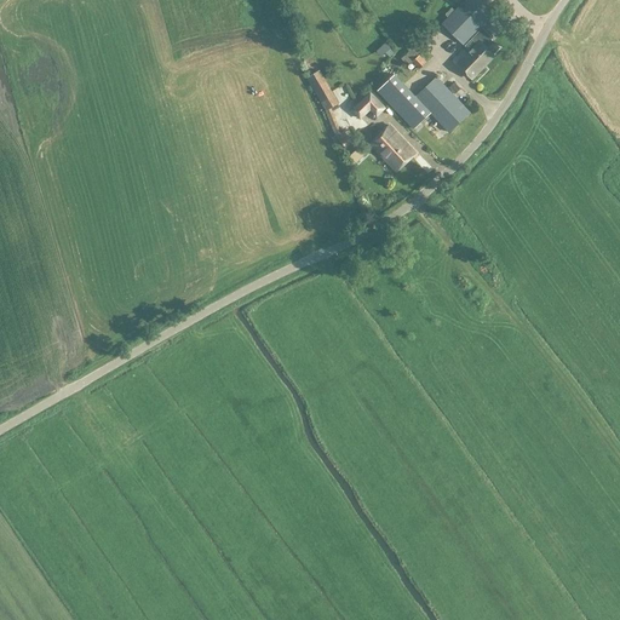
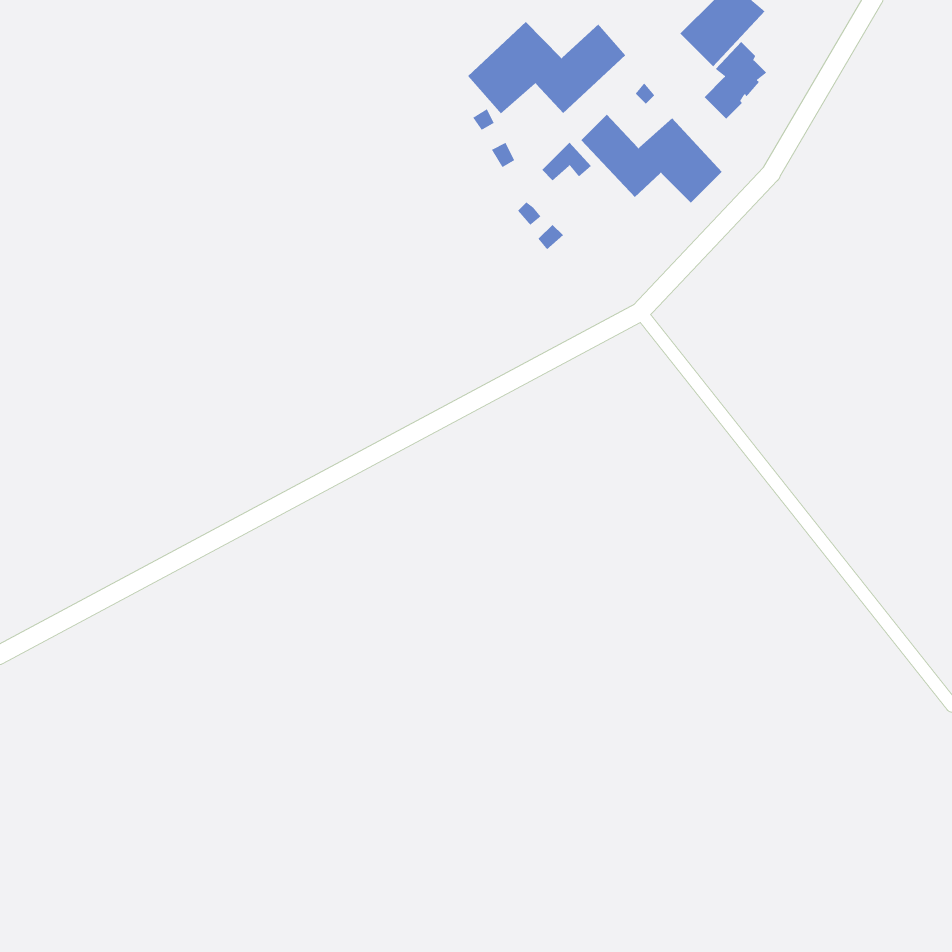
building: none -> [467,21,626,114]
building: [368,125,414,171] -> none

